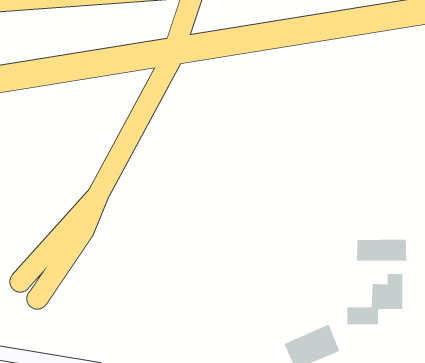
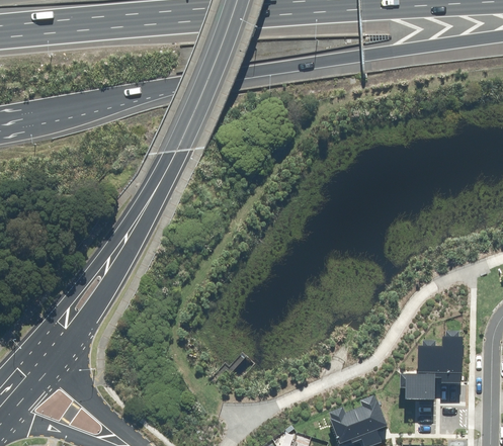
building: [356,239,407,262] -> none

